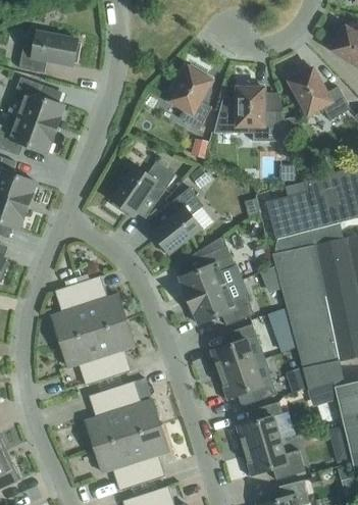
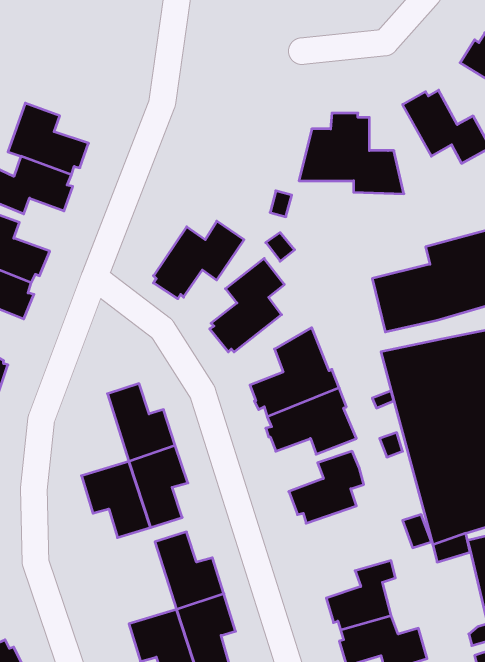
building: [19,32,82,72] -> none
building: [169,63,212,130] -> none
building: [52,283,94,341] -> none
building: [218,362,276,402] -> none
building: [86,388,127,446] -> none

